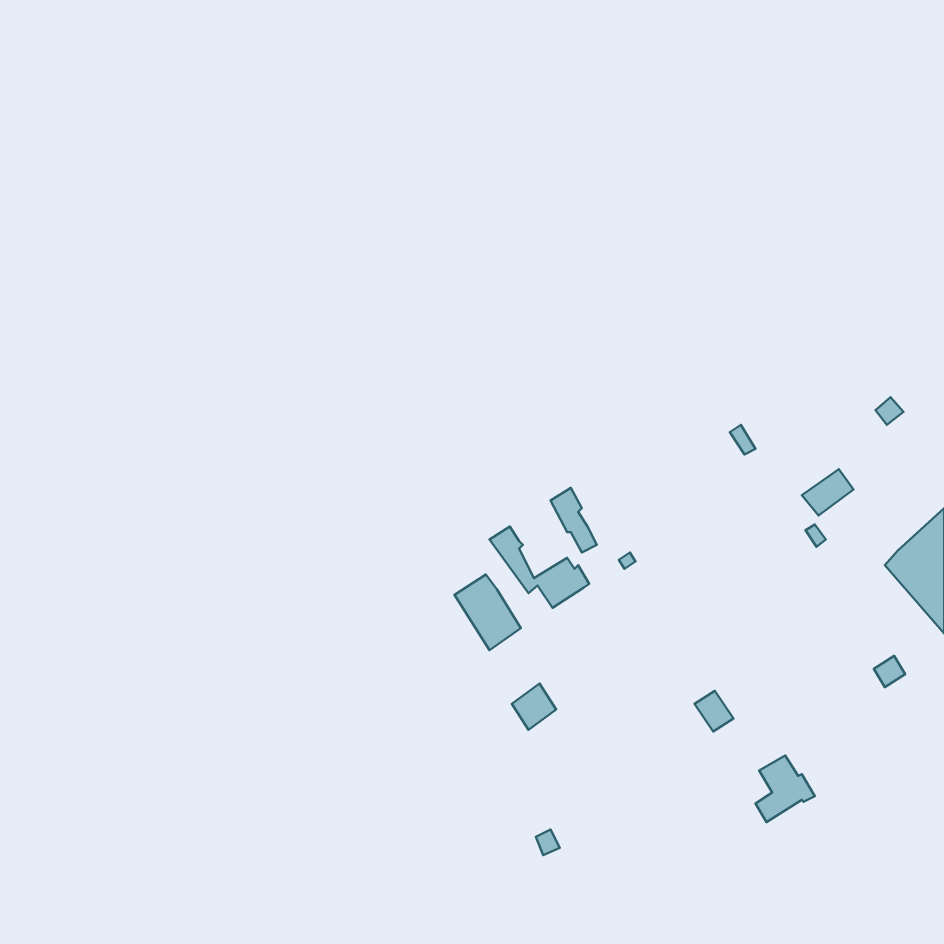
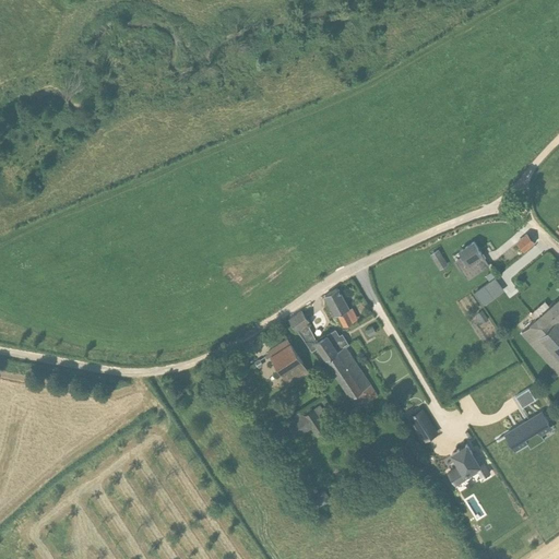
building: none -> [456,242,489,281]
building: none -> [326,347,377,408]
building: none -> [509,413,551,448]

